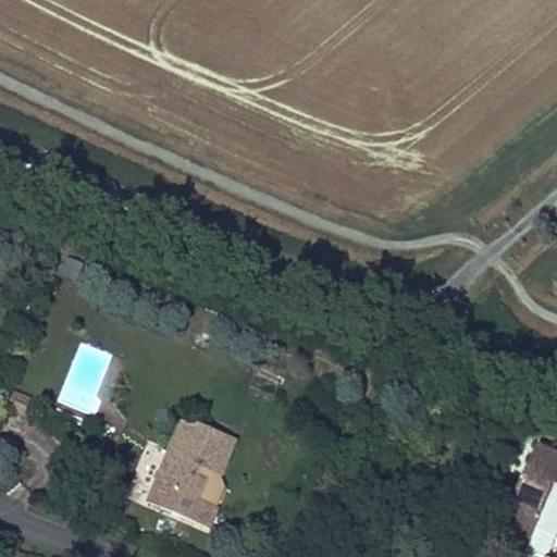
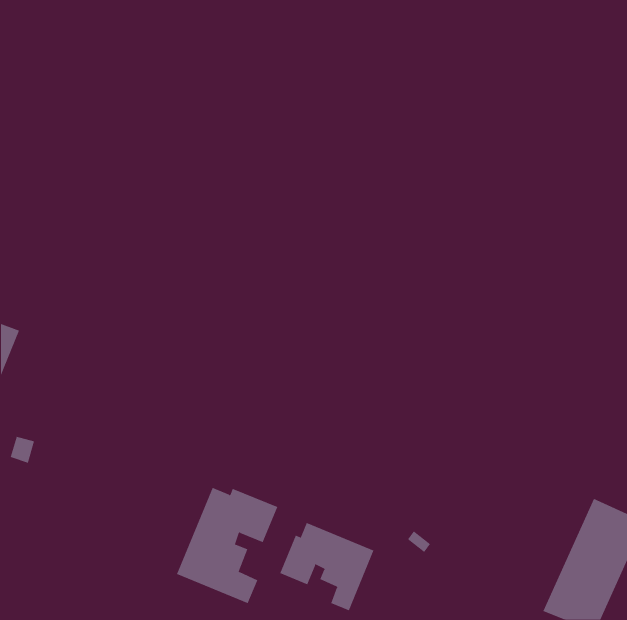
building: none -> [279,522,374,611]

